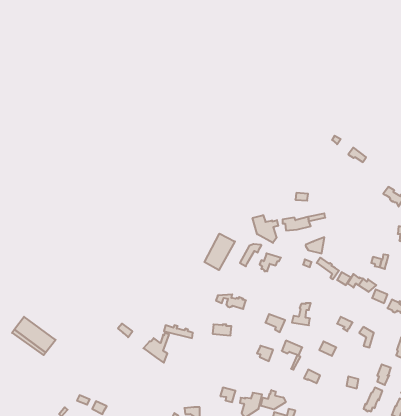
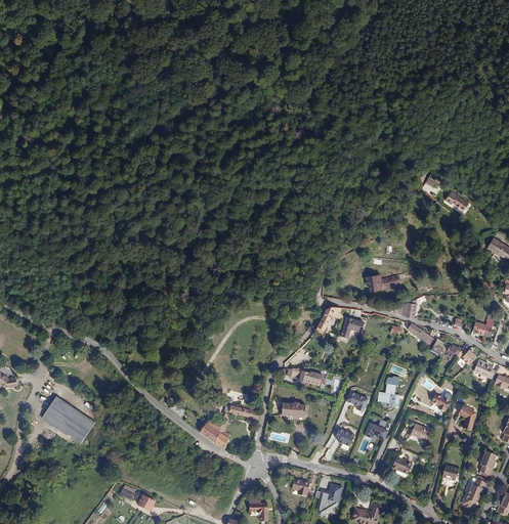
building: [253,215,278,243] -> none
building: [204,234,235,270] -> none
building: [261,390,286,409] -> none

